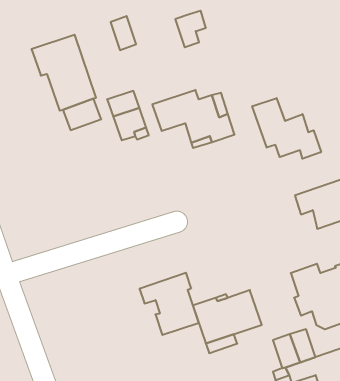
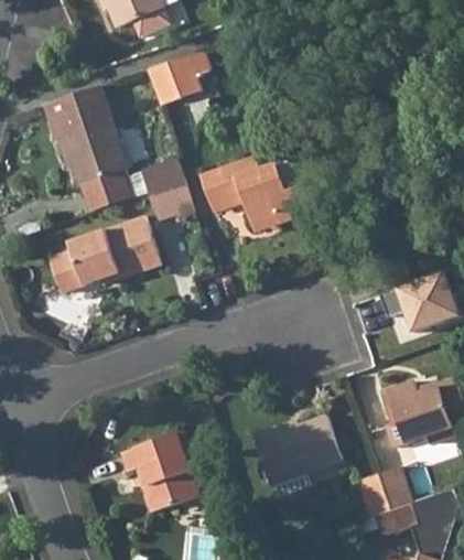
building: [175,11,206,47] -> [166,50,206,97]
building: [252,98,321,159] -> none
building: none -> [48,216,160,291]
building: [139,273,199,335] -> [120,430,197,510]

